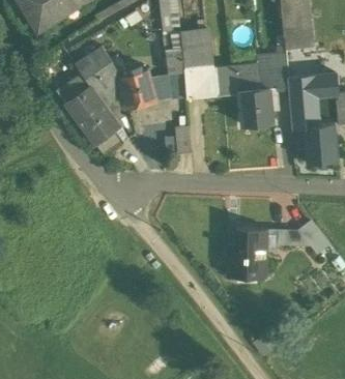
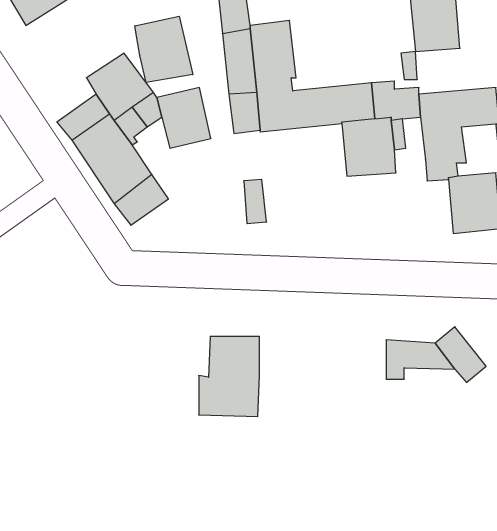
building: none -> [135,16,193,82]
building: [228,229,266,280] -> [199,336,259,417]

